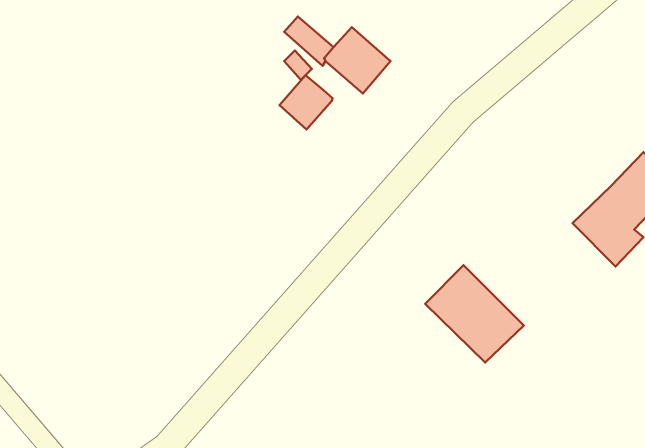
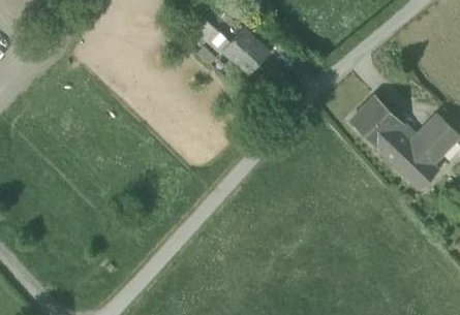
building: [279,75,333,130] -> none
building: [425,265,524,362] -> [348,95,415,160]

